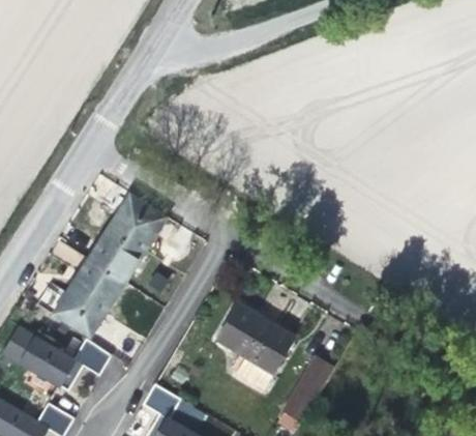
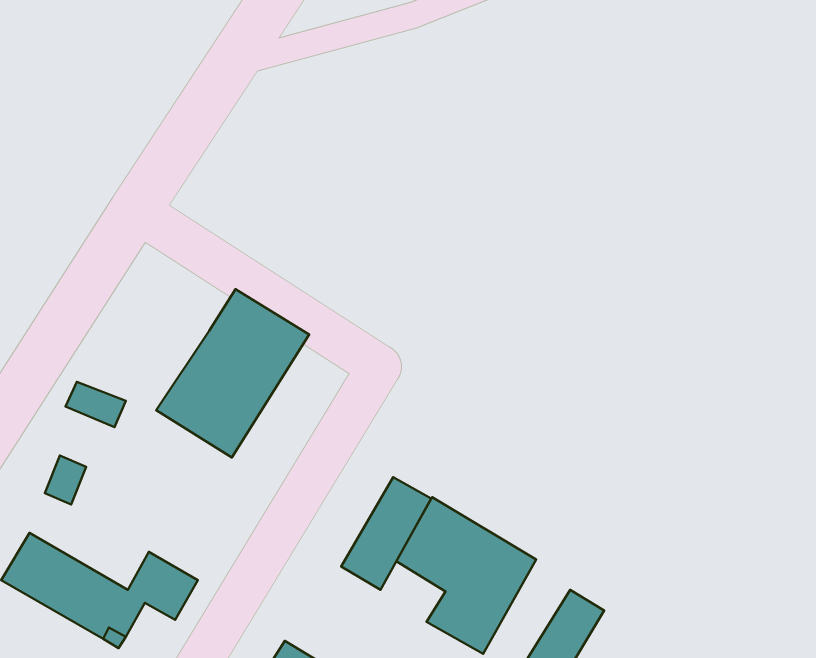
building: [51,258,127,341] -> none
building: none -> [341,477,431,590]

